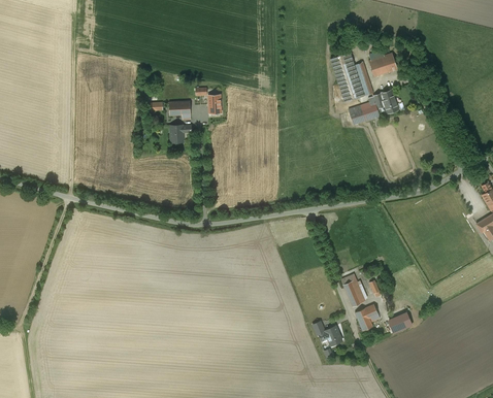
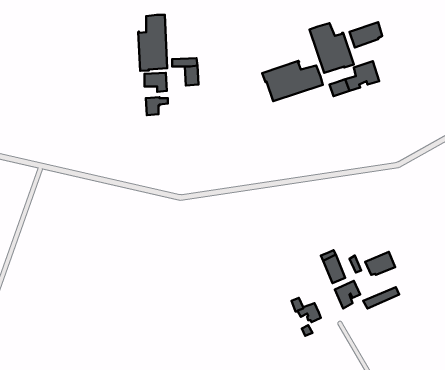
building: none -> [138,15,167,71]
building: none -> [262,61,323,101]
building: none -> [365,252,395,275]

